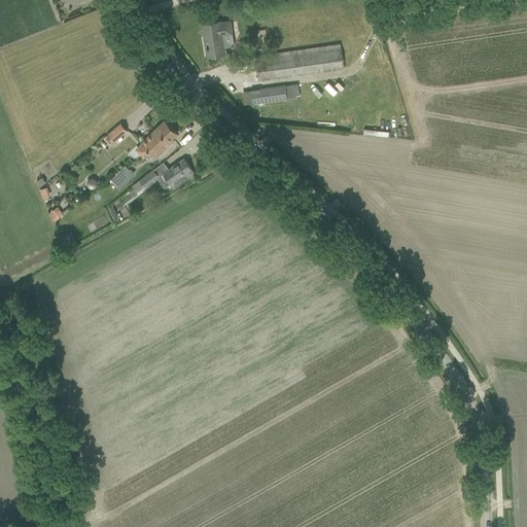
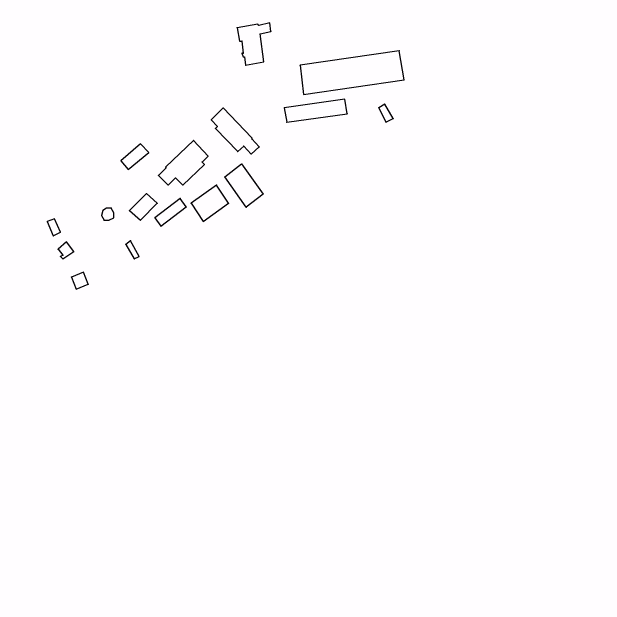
building: none -> [211,108,259,154]
building: none -> [225,164,263,207]

